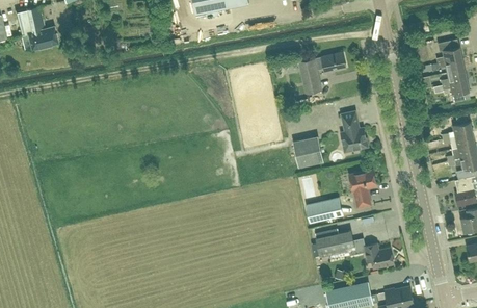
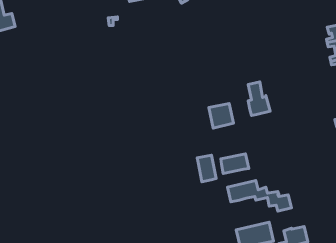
building: [299,53,346,94] -> none
building: [349,170,376,208] -> none
building: none -> [197,155,216,182]

